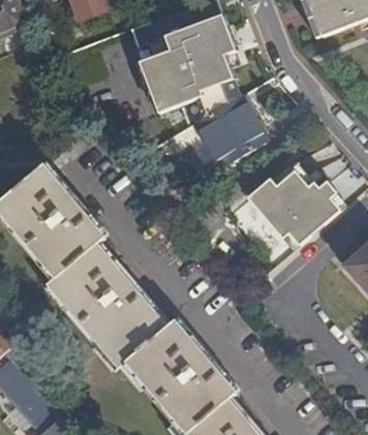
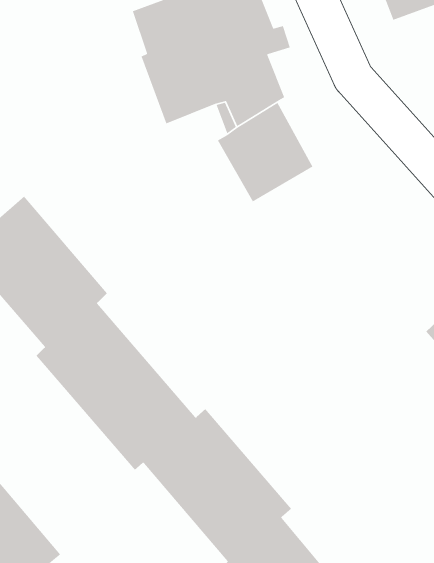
building: [243,164,334,247] -> none

